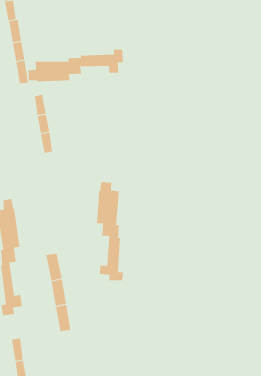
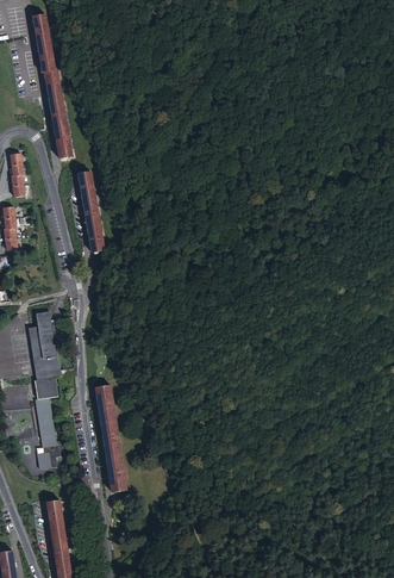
building: [28,49,124,82] -> none
building: [97,182,123,281] -> none

